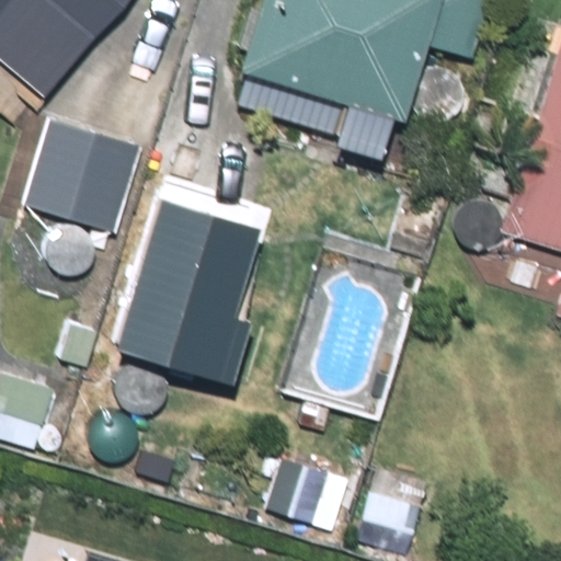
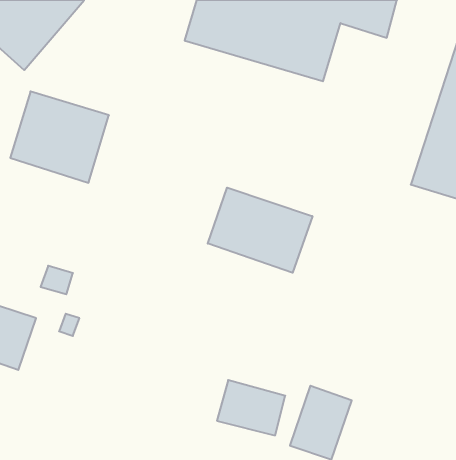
building: [108,184,256,370] -> none
building: none -> [208,188,312,273]

